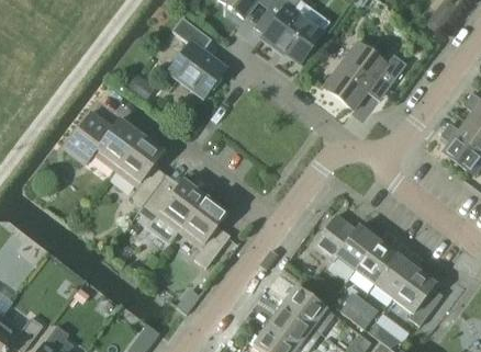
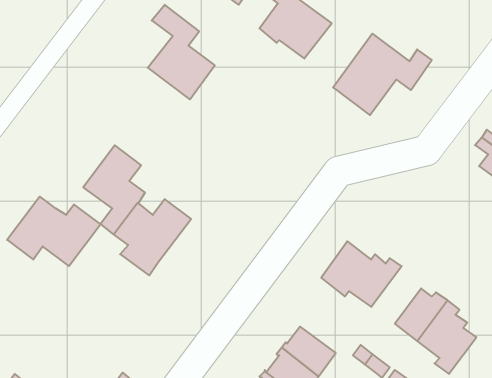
building: [63,111,141,169] -> [7,197,100,266]
building: [177,195,230,266] -> none
building: [355,235,396,283] -> none

